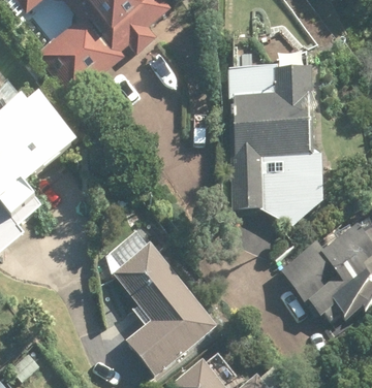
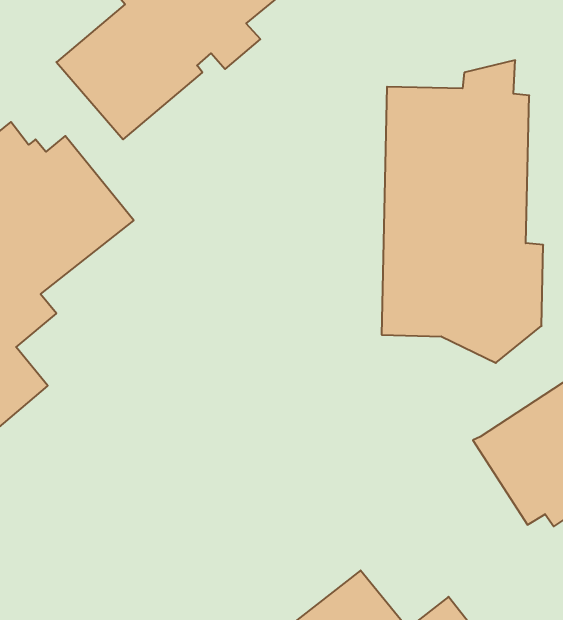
building: [100,227,215,373] -> none

